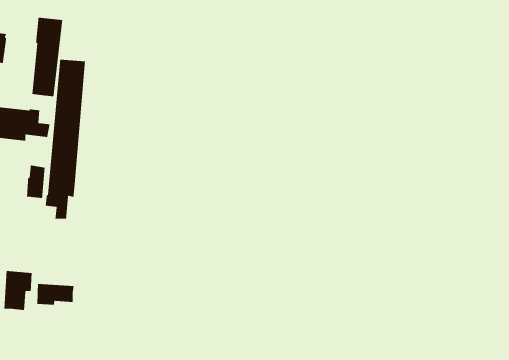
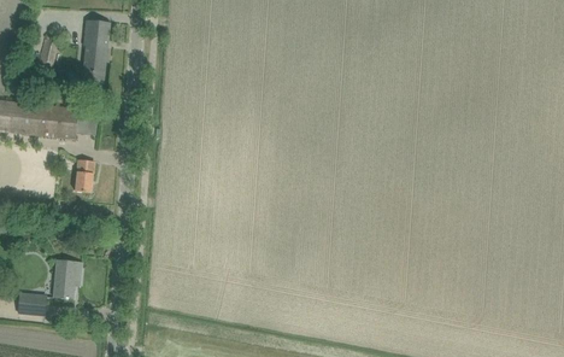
building: [45,59,86,220] -> none
building: [37,283,75,306] -> none

